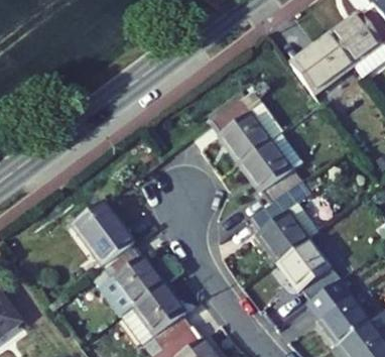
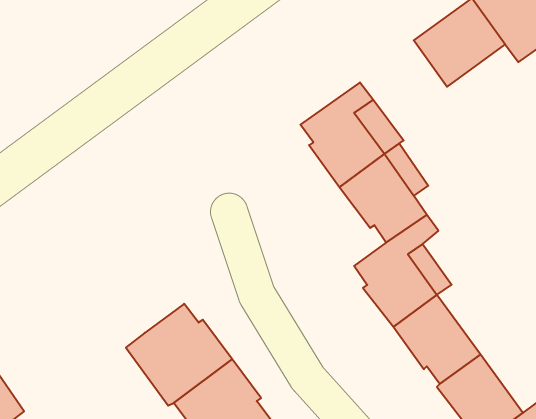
building: [74,201,135,265] -> none

